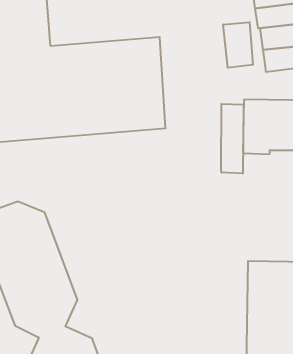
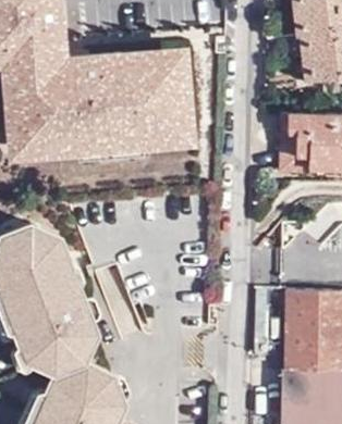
building: [223,22,253,68] -> none
building: [221,104,244,174] -> none

